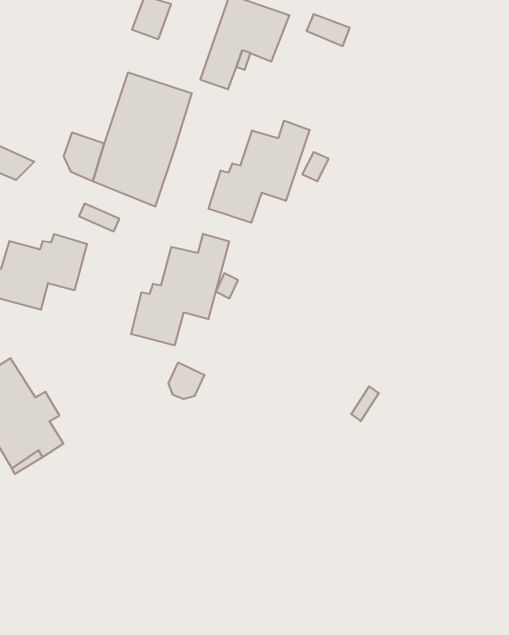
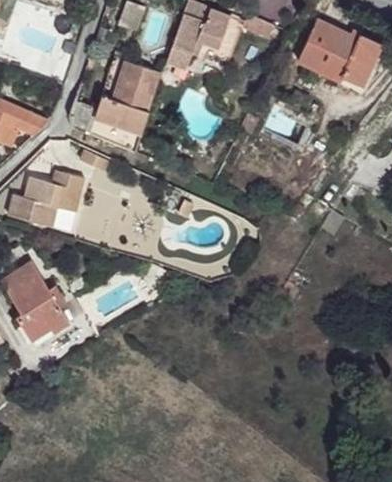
building: none -> [297,17,383,85]
building: [209,121,310,223] -> none
building: [131,234,229,345] -> none

